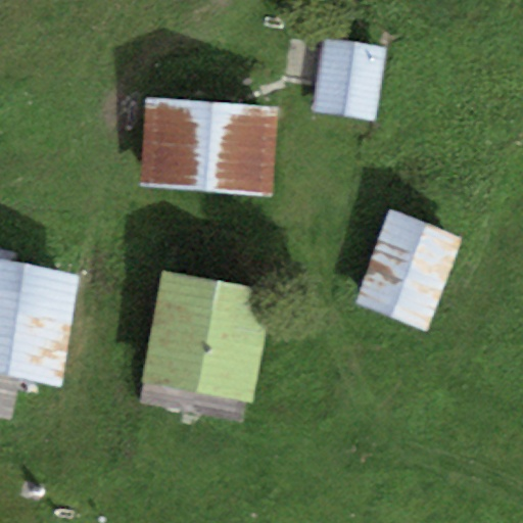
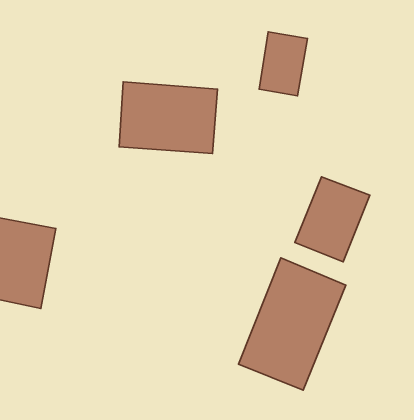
building: [144,278,264,396] -> none
building: none -> [239,258,346,390]

